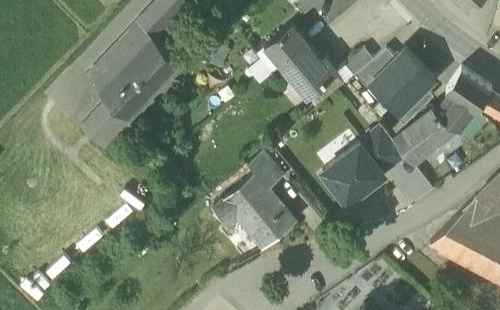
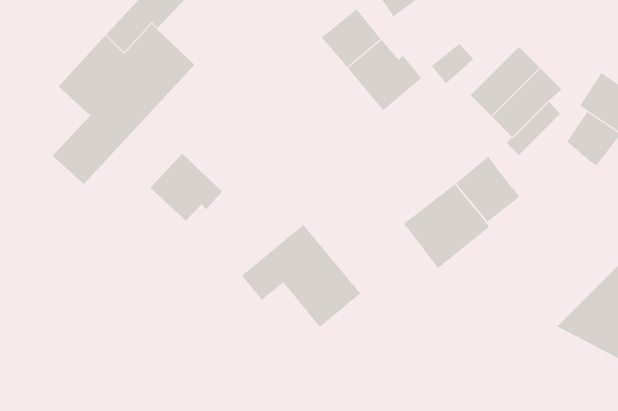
building: [354,50,395,90] -> none
building: [392,110,453,164] -> none
building: none -> [150,153,223,222]
building: [247,154,283,191] -> none

